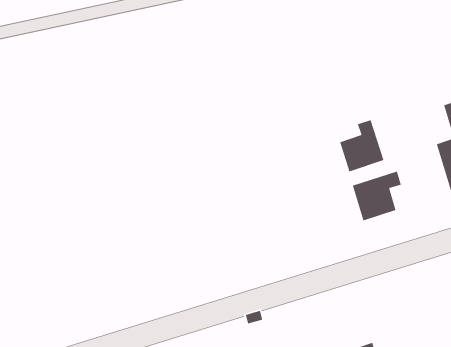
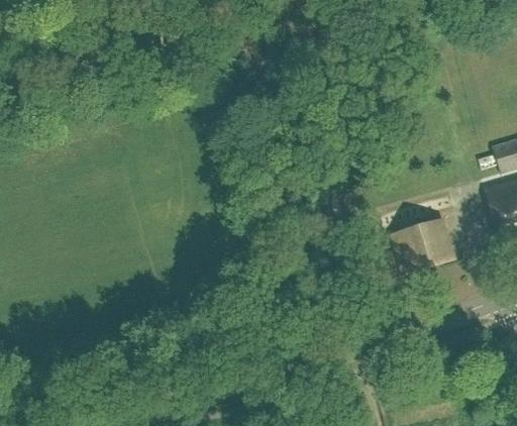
building: [339,119,384,173] -> none

